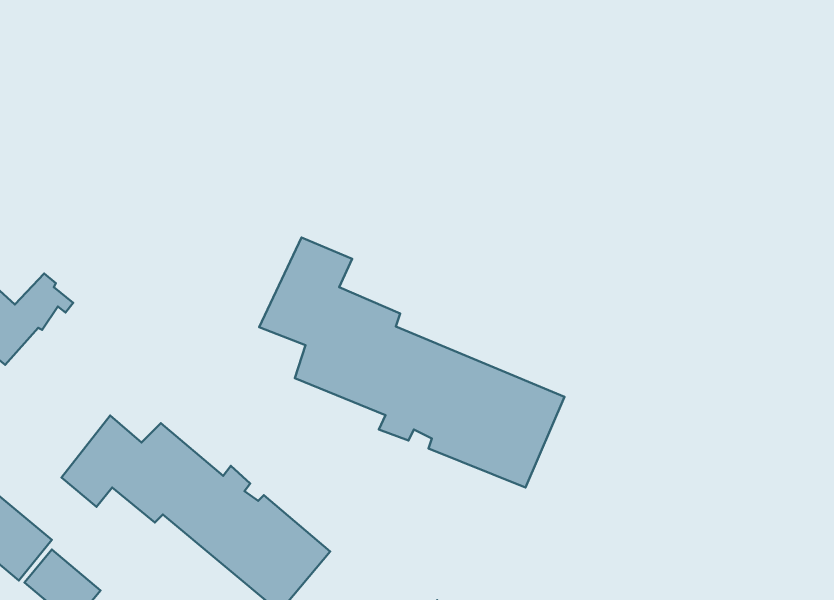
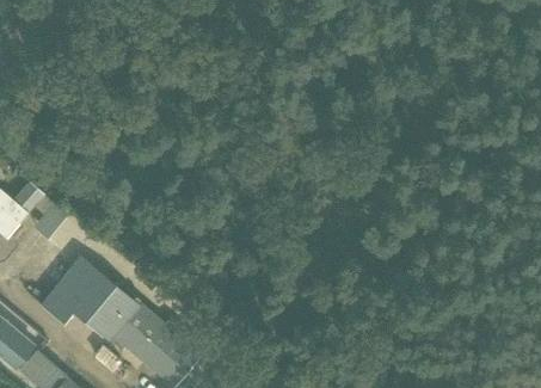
building: [259,238,564,488] -> none

